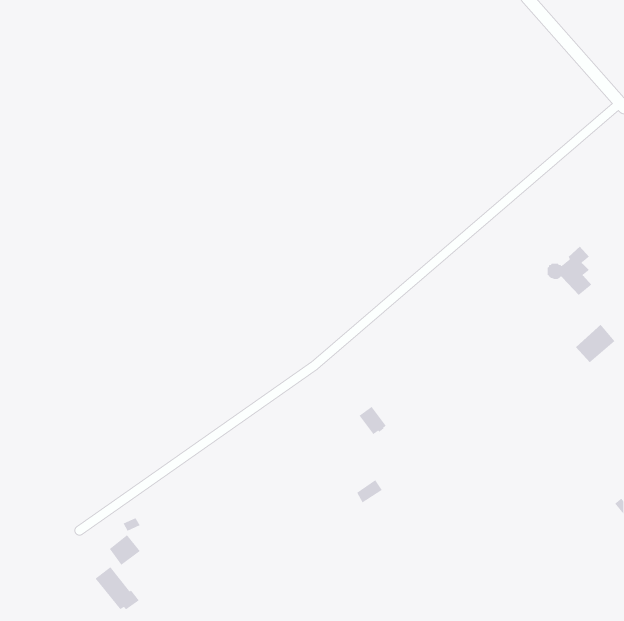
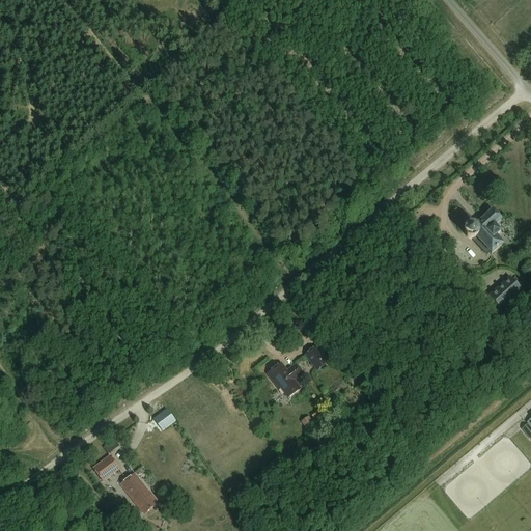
building: none -> [267,362,302,396]
building: [94,566,140,610] -> [119,472,158,509]

